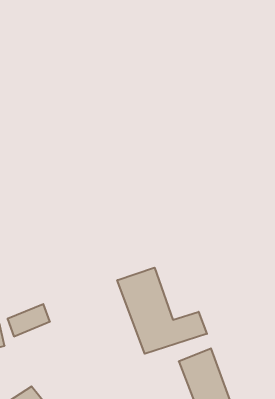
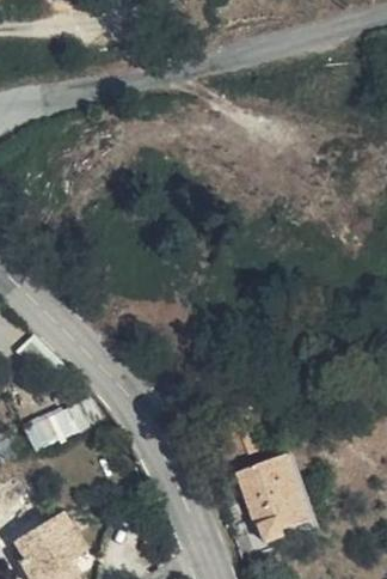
building: [117,268,207,354] -> none

